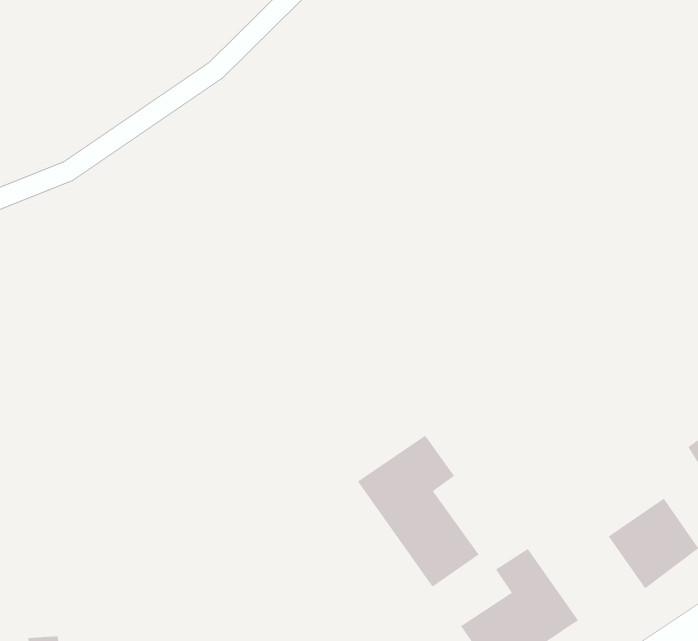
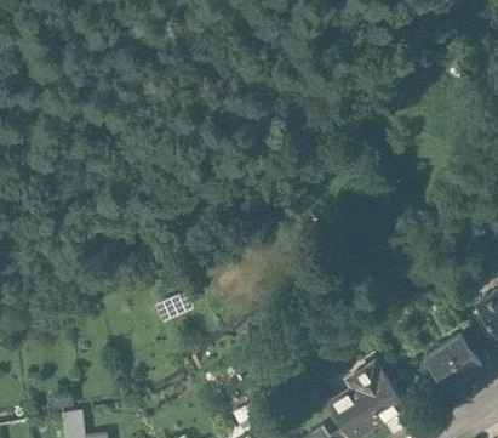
building: [357,435,480,588] -> none

